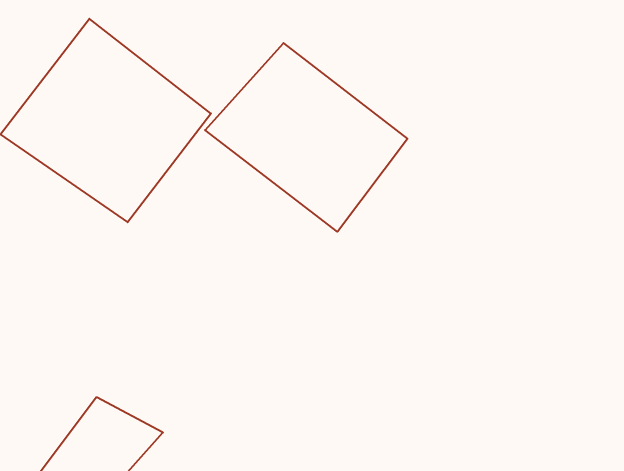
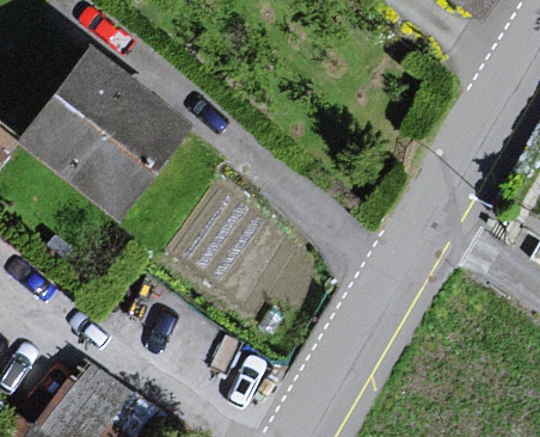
building: [205,43,407,232] -> none

